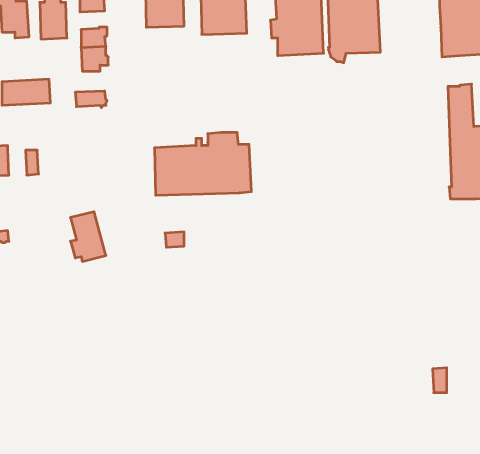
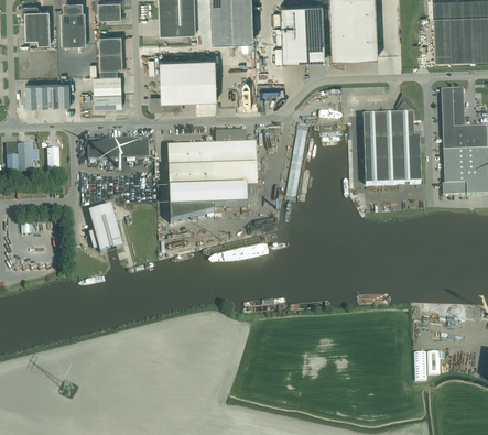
building: none -> [150,58,217,111]
building: none -> [94,77,121,95]
building: none -> [364,95,421,186]
building: none -> [87,139,149,164]
building: none -> [169,189,248,210]

